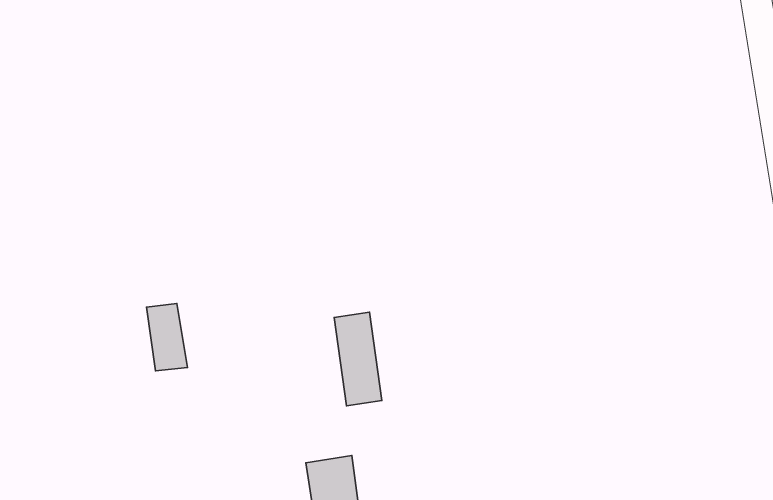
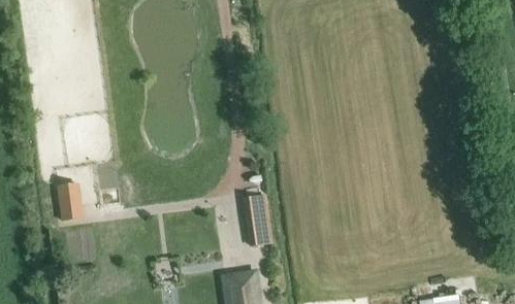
building: [147,304,187,371] -> [59,184,83,224]

